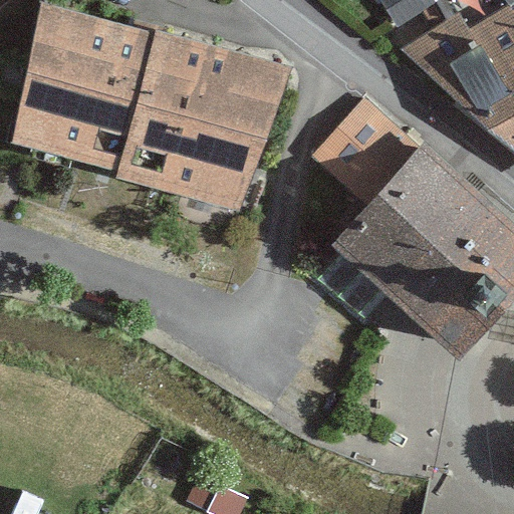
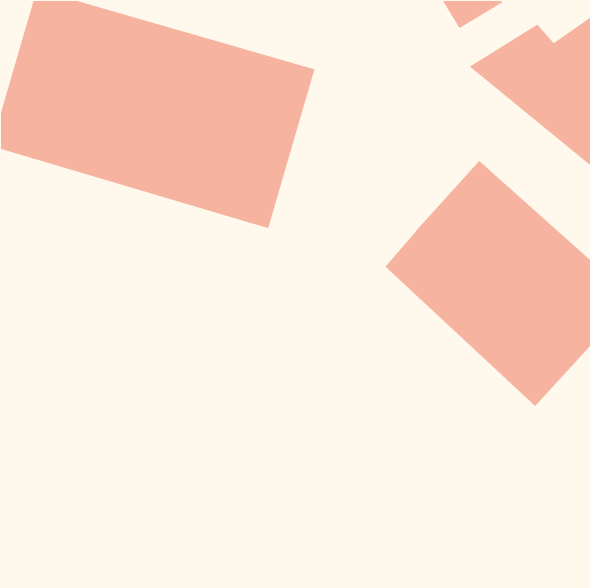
building: [312,100,418,206] -> none

